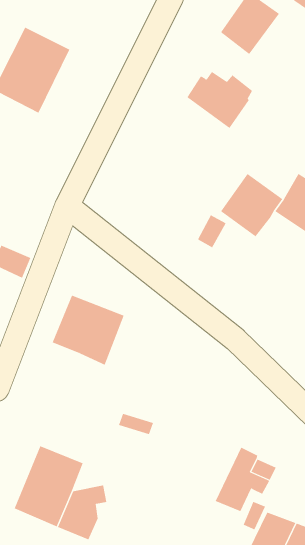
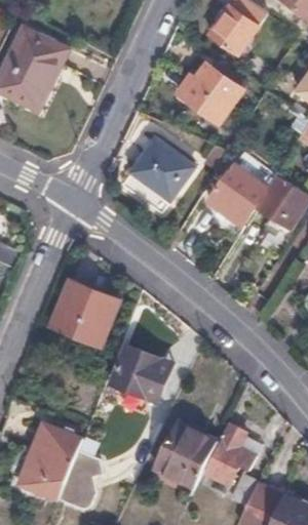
building: none -> [131,137,195,200]
building: none -> [109,345,174,403]
building: none -> [154,423,216,486]

